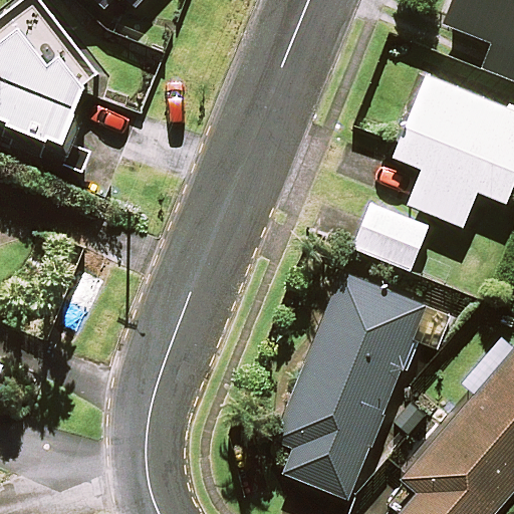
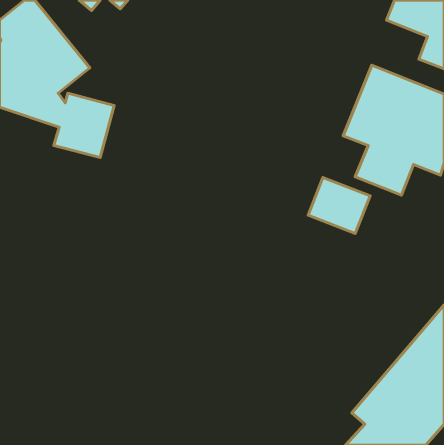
building: [275,272,450,498] -> none

